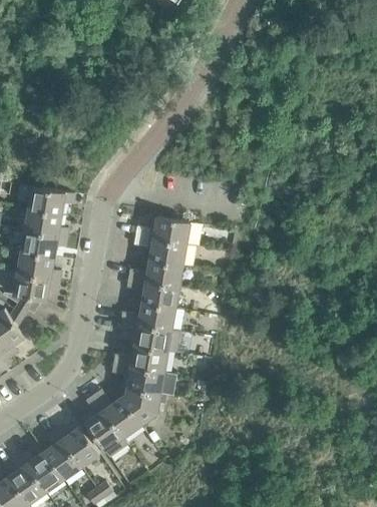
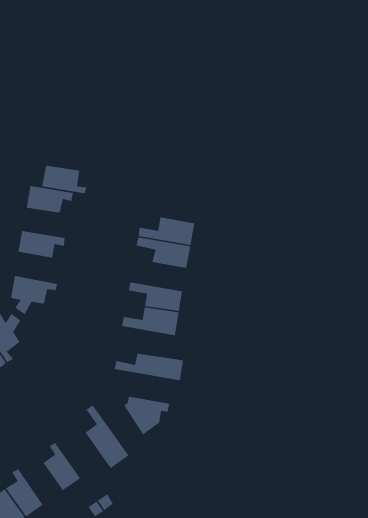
building: [24,209,68,237] -> [41,165,87,194]
building: [17,251,60,282] -> none
building: [127,262,182,289] -> none
building: [118,323,179,354] -> none
building: [110,364,176,397] -> none
building: [92,391,140,439] -> none
building: [56,427,99,468] -> none
building: [21,453,63,493] -> none

